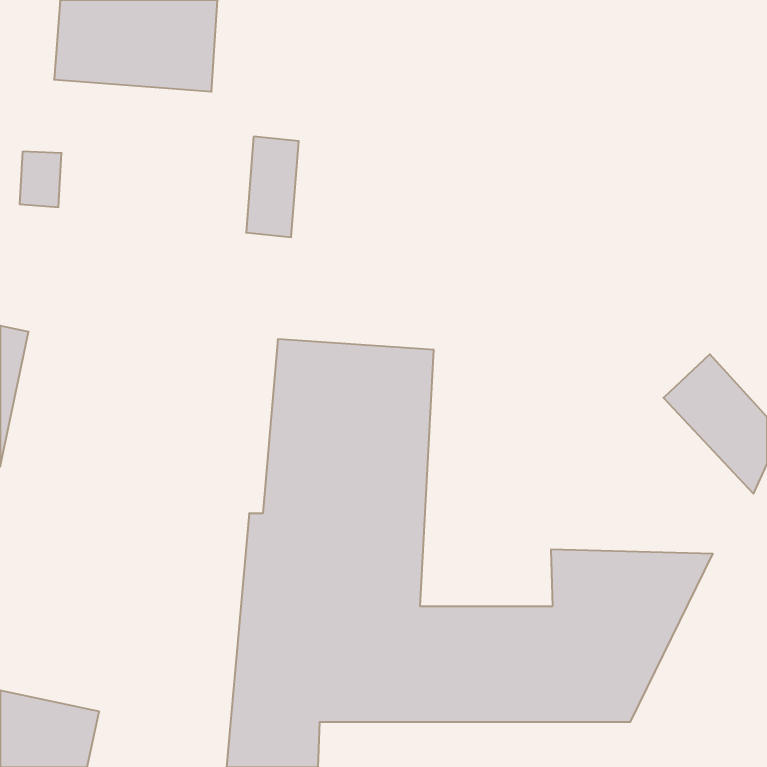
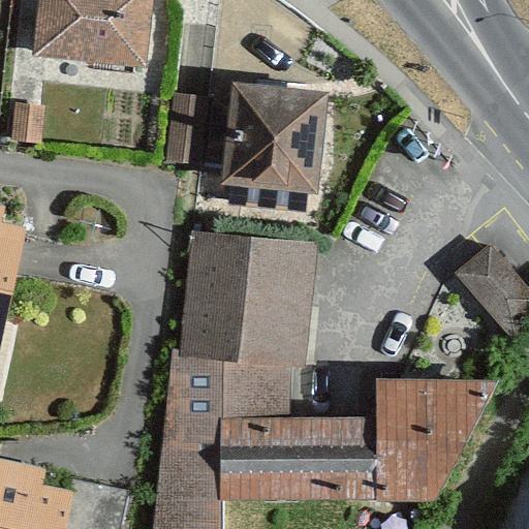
building: none -> [225,87,329,210]

